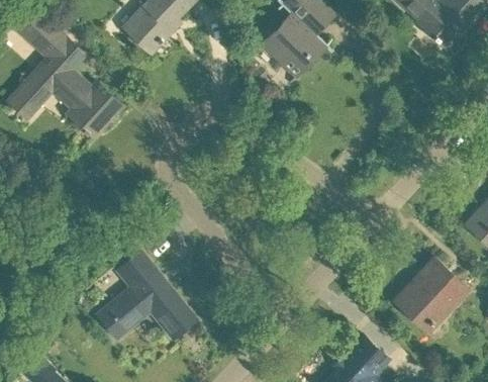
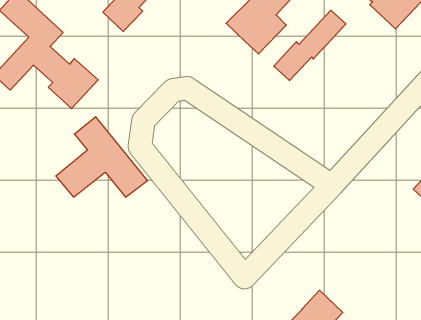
building: none -> [274,10,346,81]
building: [96,251,196,339] -> [56,117,148,197]
building: [394,258,468,332] -> none

